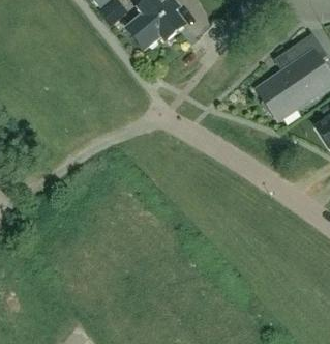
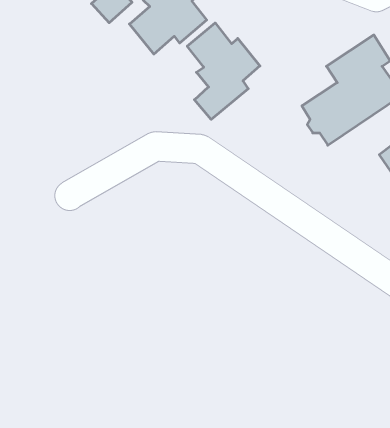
building: none -> [187,23,260,119]

